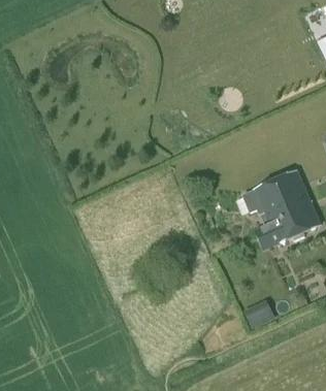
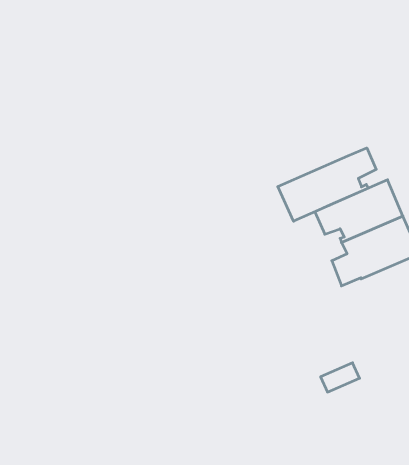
building: none -> [278,148,376,221]

